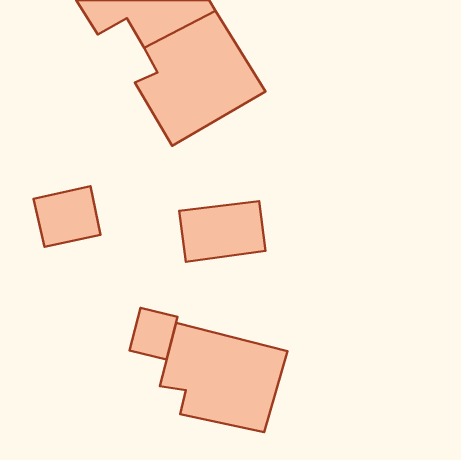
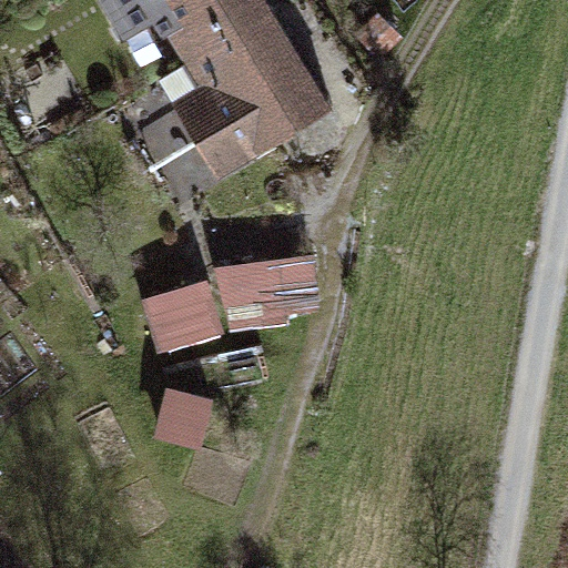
building: [34,186,101,247] -> [145,274,227,348]
building: [160,323,288,432] -> none

